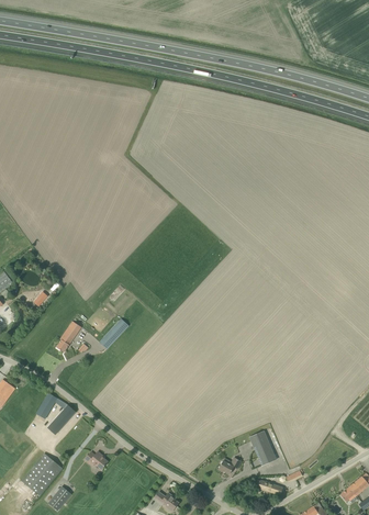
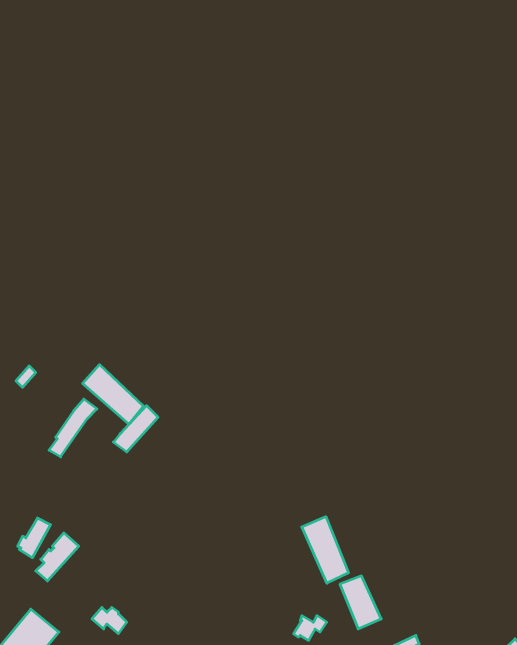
building: none -> [83,365,144,424]
building: none -> [302,517,348,583]

